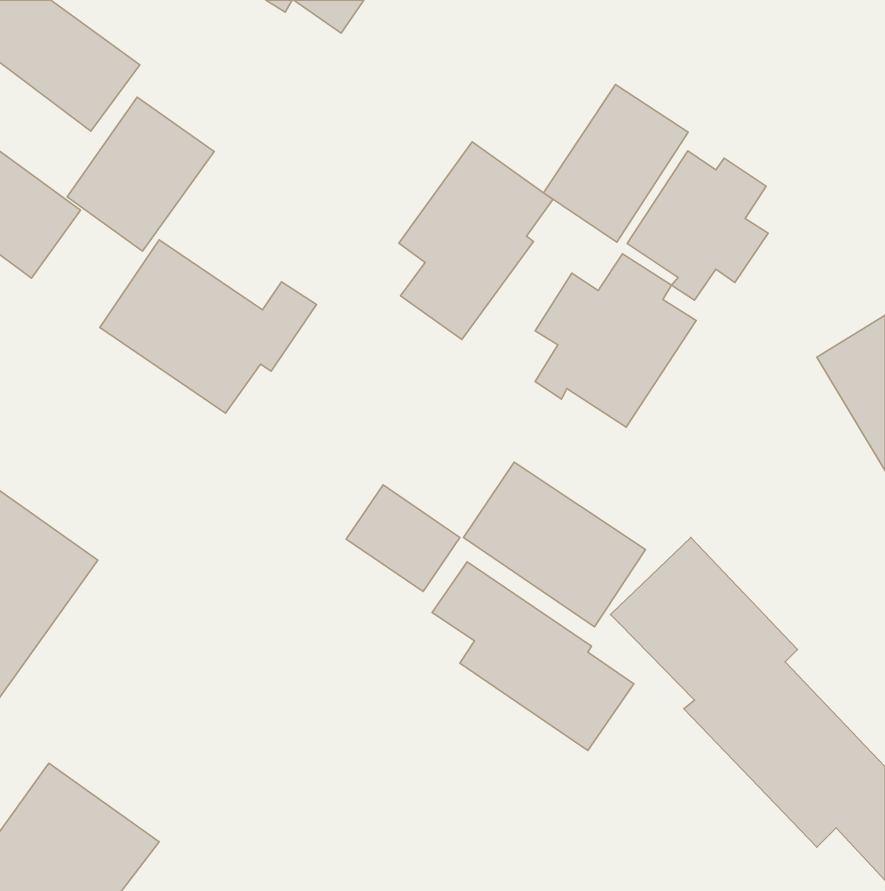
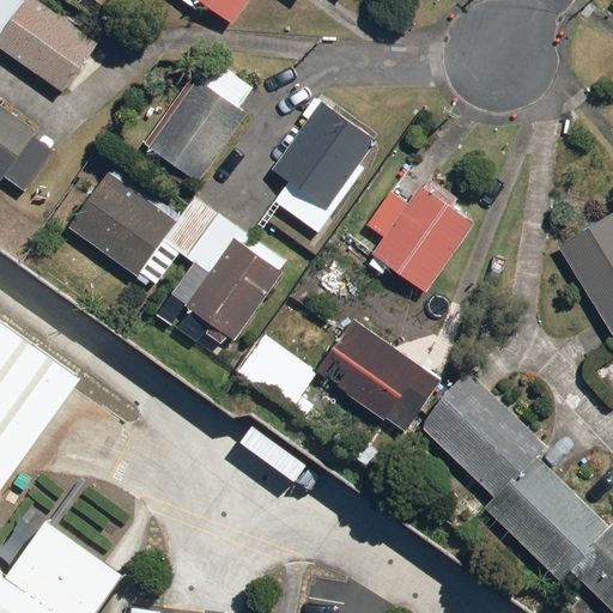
building: [543,84,688,242] -> none
building: [67,97,214,251] -> [148,78,249,183]
building: [627,151,768,300] -> none
building: none -> [170,211,290,342]
building: [432,562,634,750] -> none

